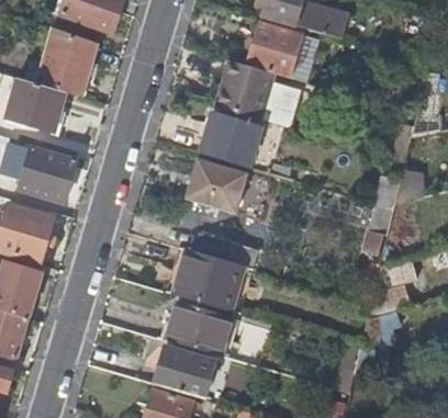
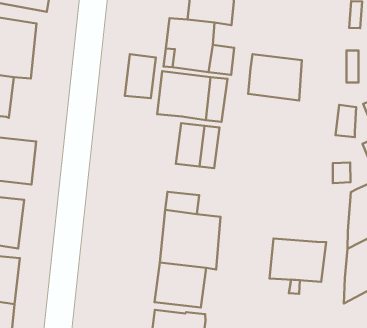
building: none -> [248,54,302,100]
building: [186,159,223,206] -> [125,54,156,98]
building: none -> [269,238,326,282]

